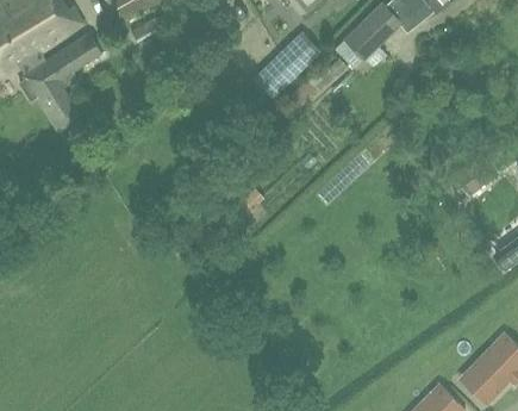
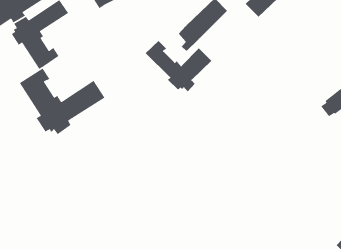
building: none -> [145,40,212,92]
building: none -> [19,68,105,135]

